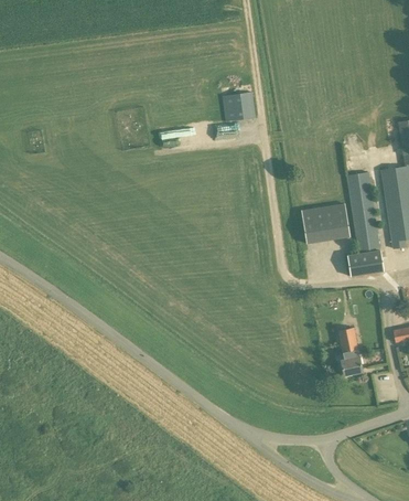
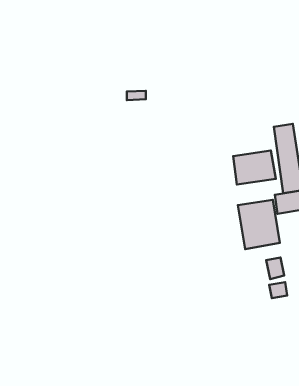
building: [223,90,256,120] -> none
building: none -> [238,200,280,249]

